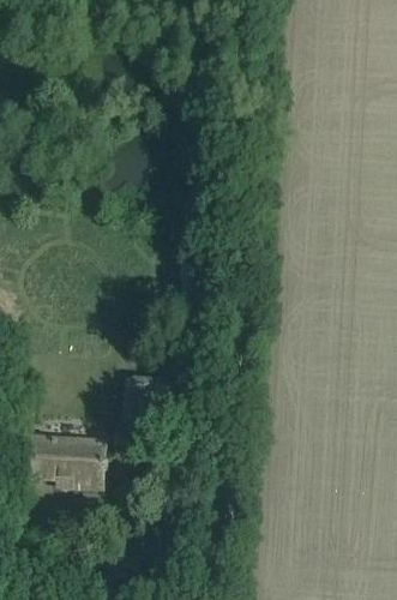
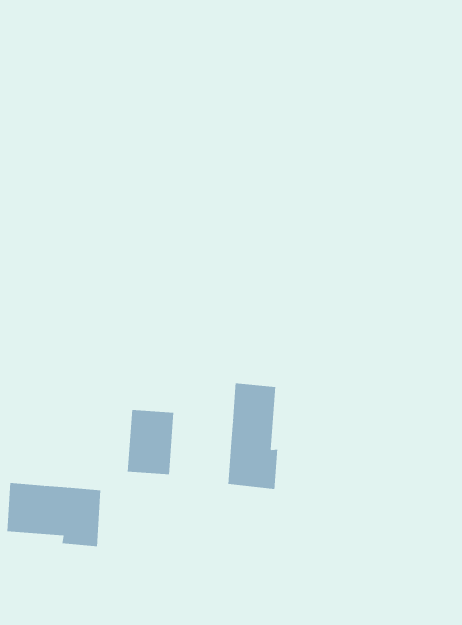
building: none -> [228,382,278,490]

